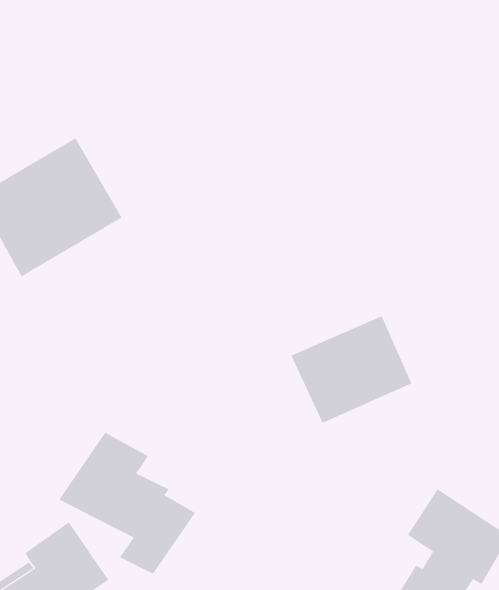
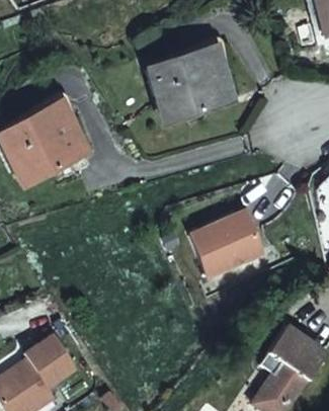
building: none -> [147,49,230,121]
building: [59,432,196,575] -> none

